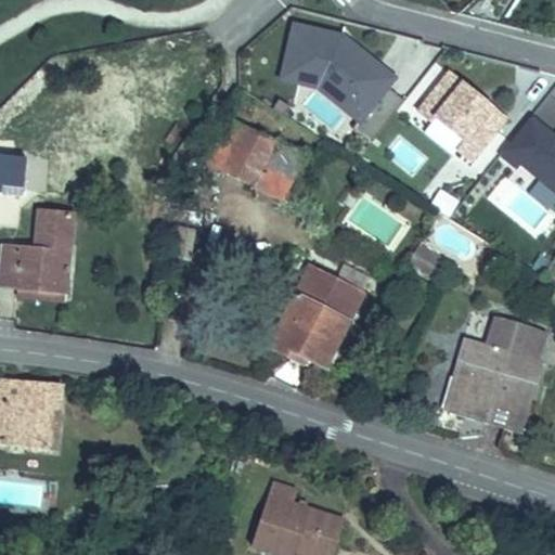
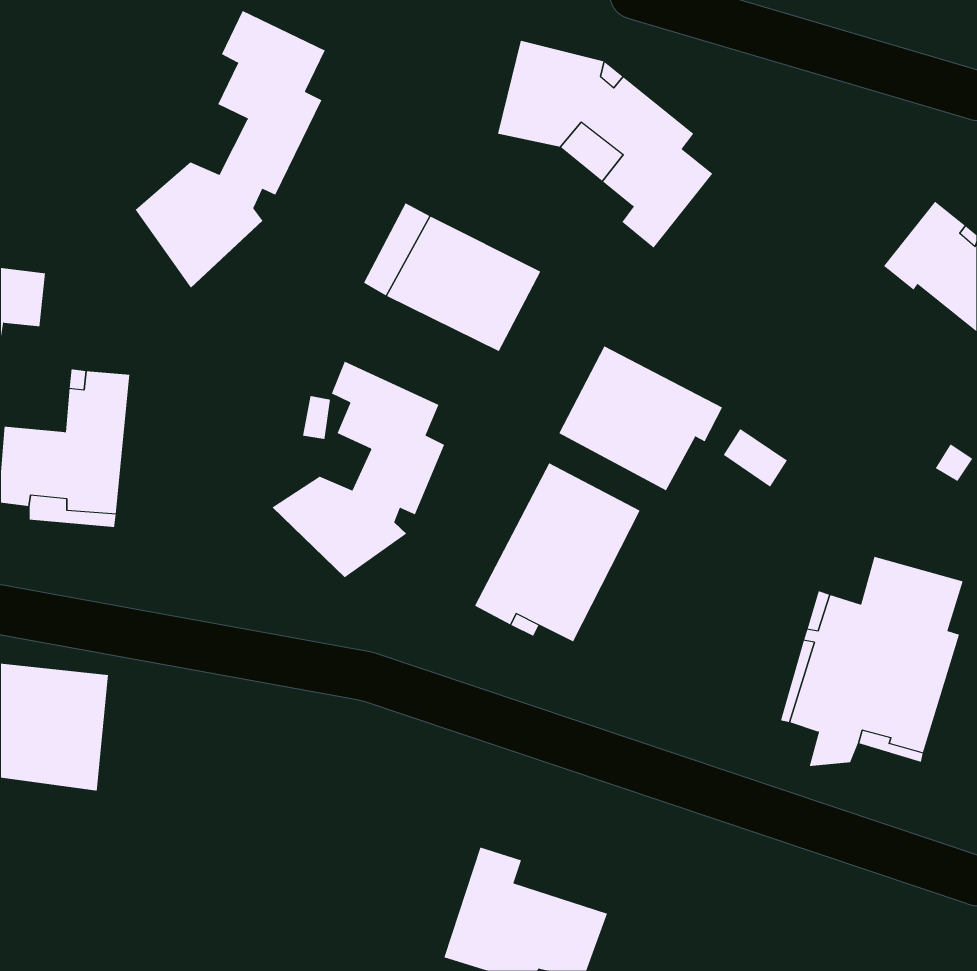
building: none -> [135,10,326,288]
building: [418,70,506,159] -> none
building: none -> [558,345,723,491]
building: none -> [271,361,445,578]

